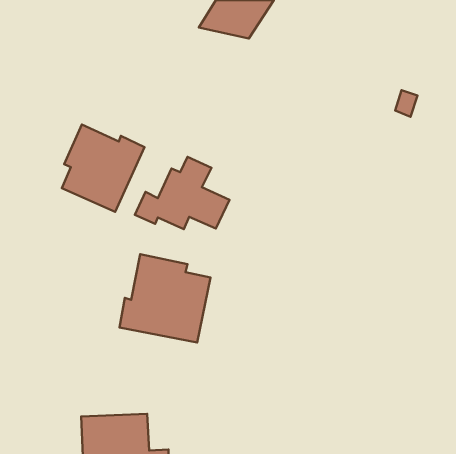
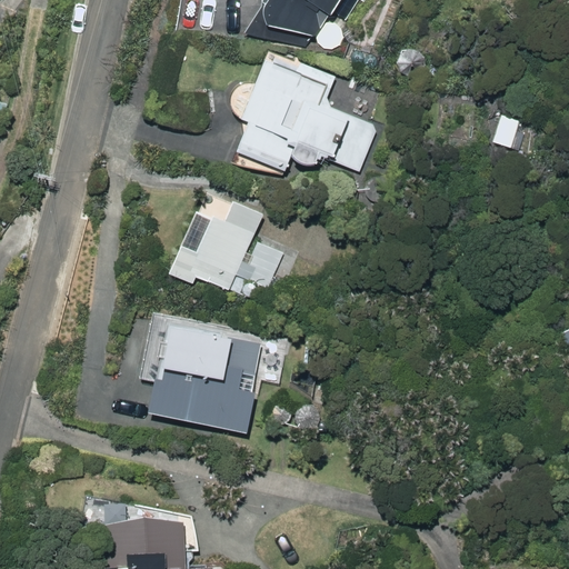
building: none -> [229,58,377,173]
building: [62,124,145,212] -> none

